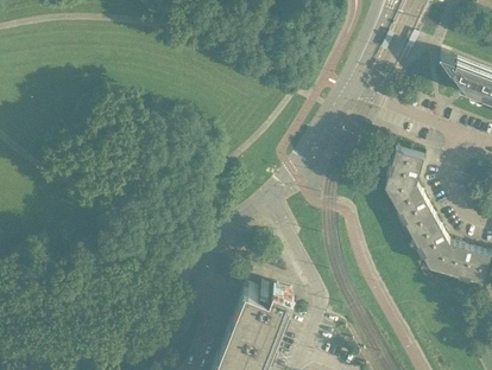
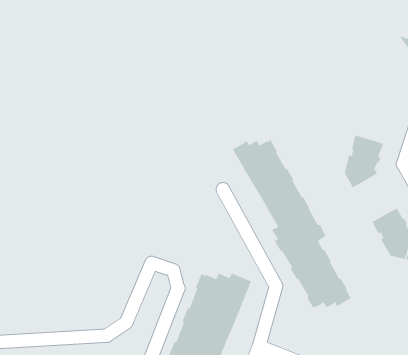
building: none -> [232,139,351,309]
building: [393,186,437,234] -> none

